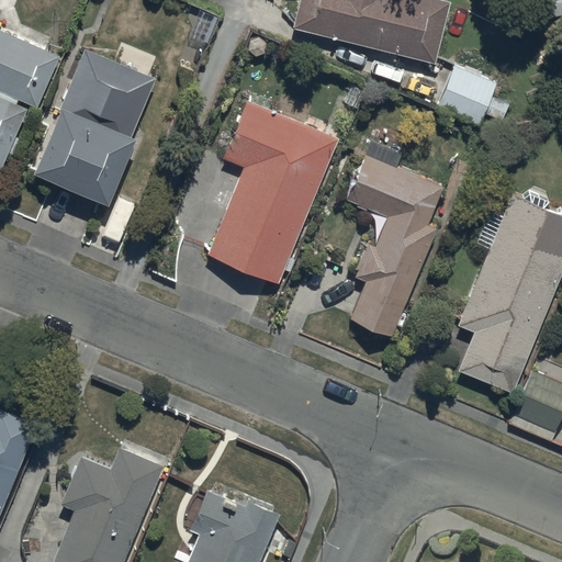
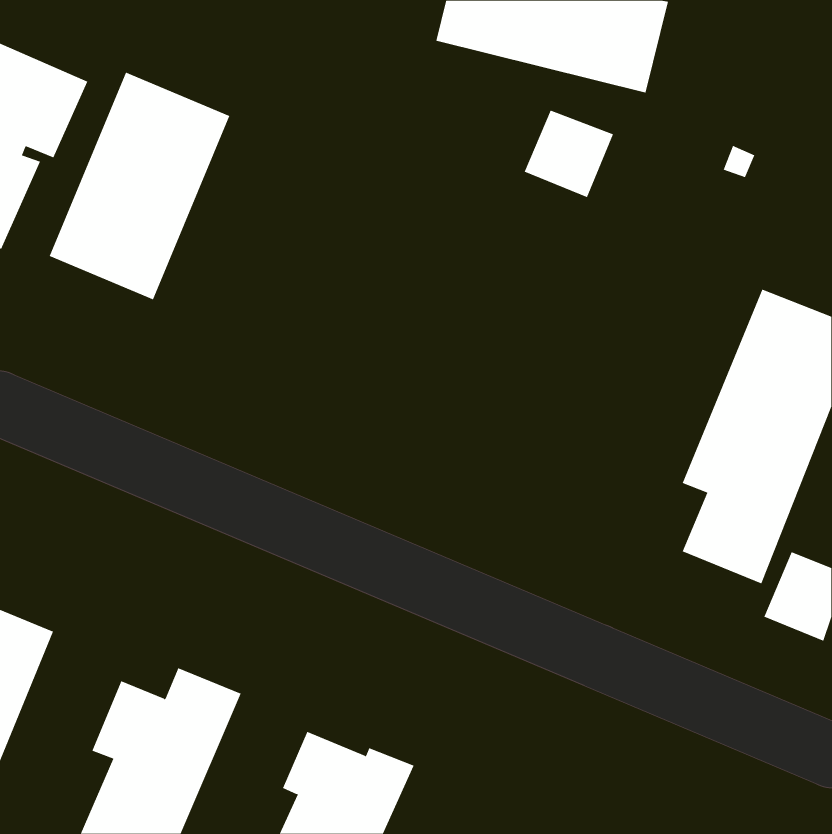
building: [436,66,496,125] -> [524,110,614,198]
building: [207,101,338,283] -> none
building: [347,155,442,336] -> none

